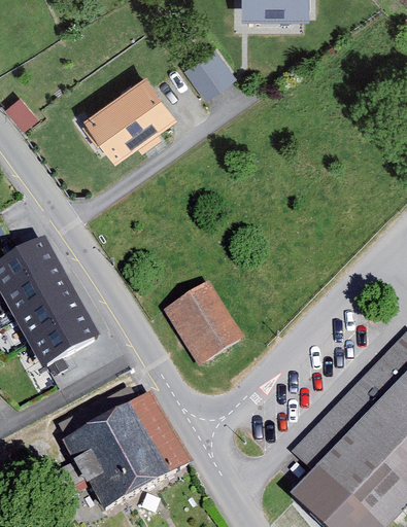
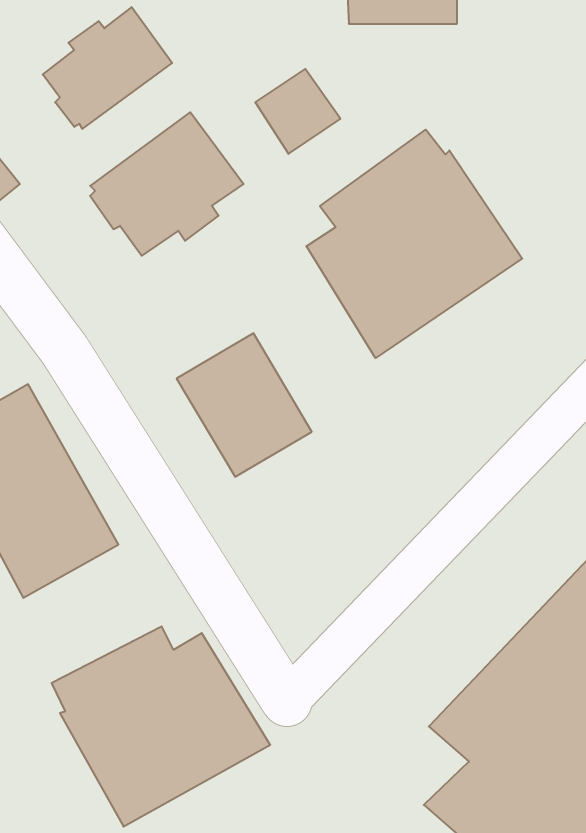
building: none -> [43,7,172,129]
building: none -> [306,130,522,358]
building: [164,283,247,372] -> [177,333,312,477]

